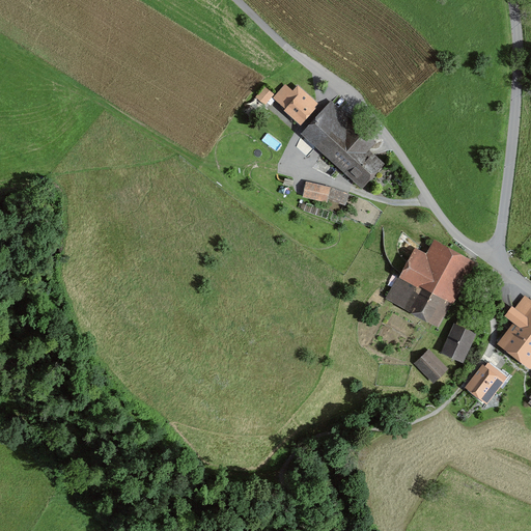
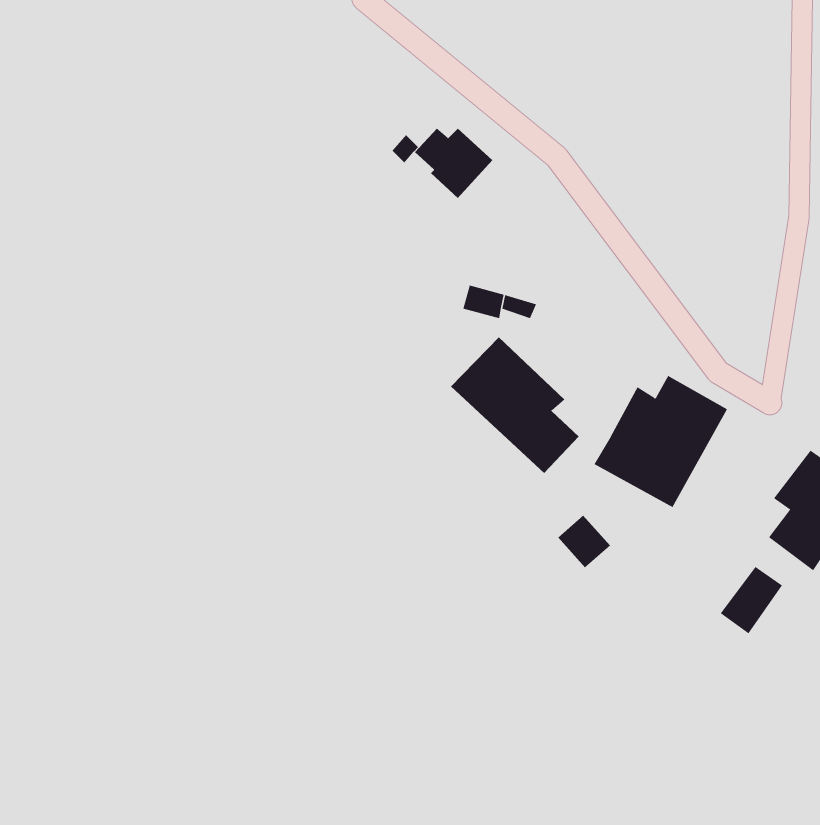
building: [305,101,388,189] -> [450,336,580,474]
building: [440,326,473,362] -> none
building: [412,348,446,383] -> [557,515,611,568]

